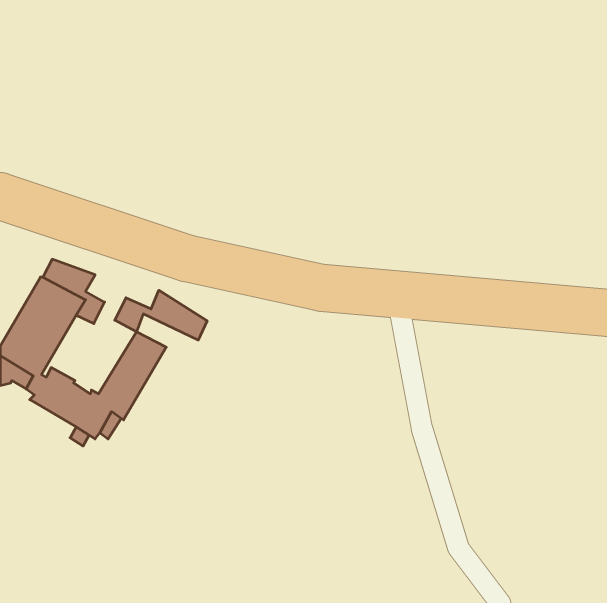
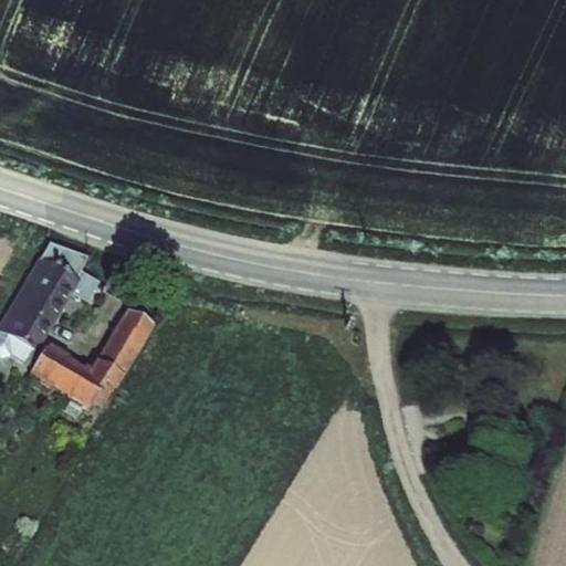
building: [115,290,207,340] -> none

